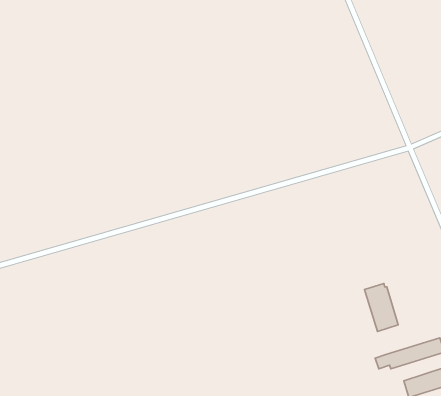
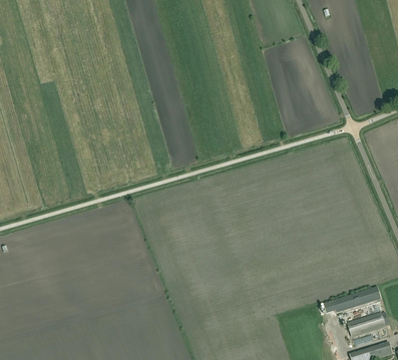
building: [365,283,398,332] -> none

